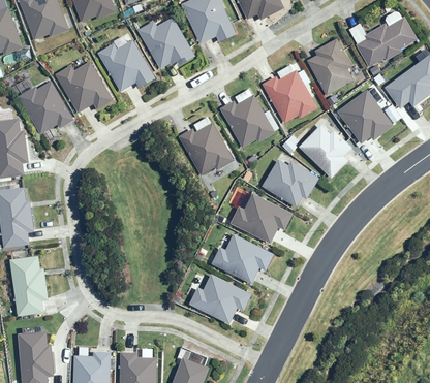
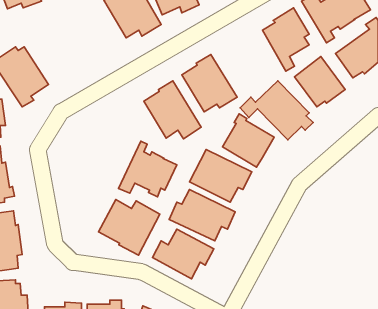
building: [96,39,155,98] -> none
building: [53,58,115,119] -> none
building: [260,63,317,123] -> none
building: none -> [118,141,177,197]
building: none -> [99,200,160,255]

